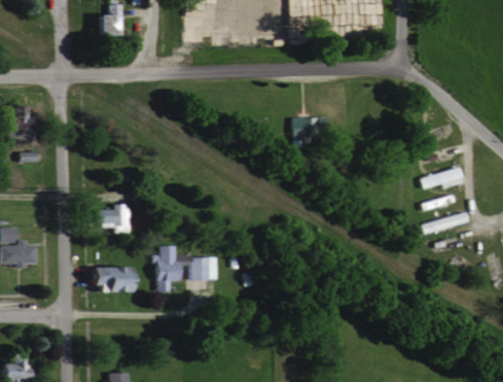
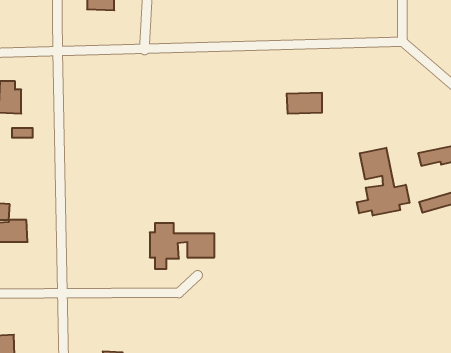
building: none -> [357,148,409,216]
building: [91,204,133,232] -> none
building: [88,267,135,291] -> none

